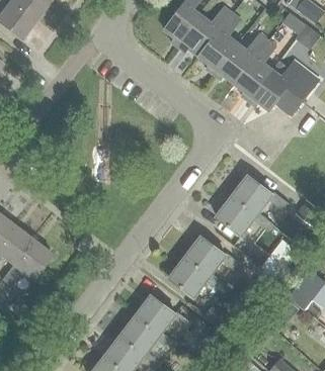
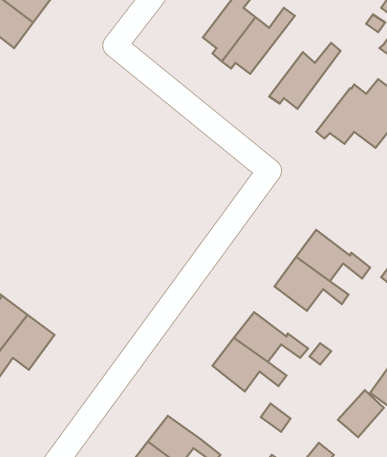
building: [198,13,241,74] -> none
building: [234,39,275,100] -> none
building: [137,294,191,331] -> none

